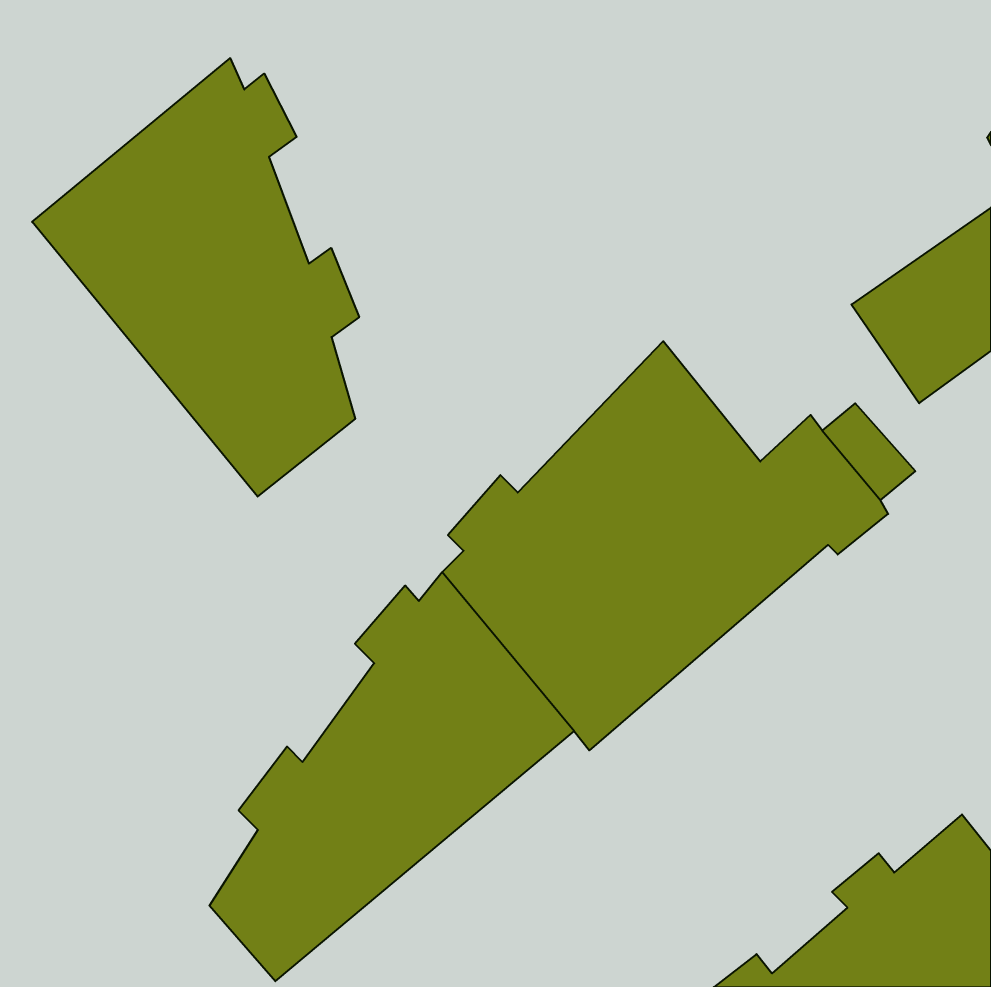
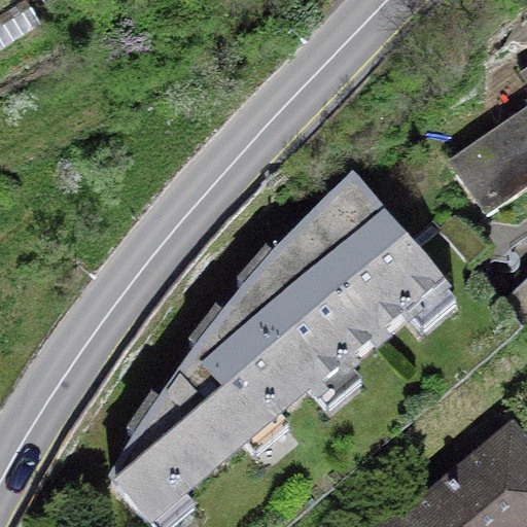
building: [32,58,359,497] -> none

